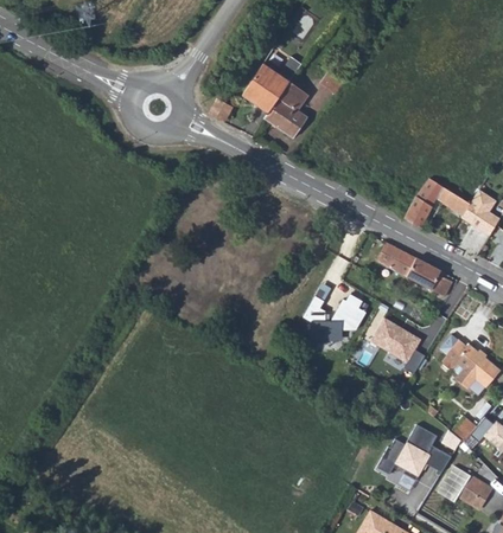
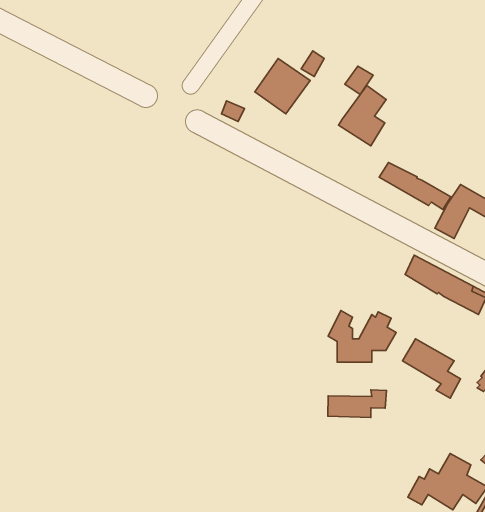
building: [263,82,307,137] -> [339,85,386,146]
building: none -> [379,163,451,209]
building: none -> [328,390,386,418]

